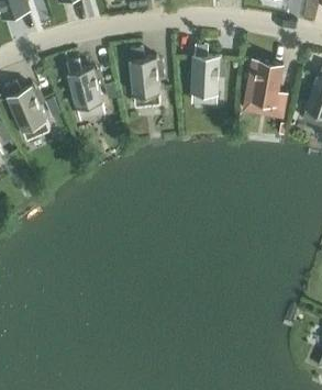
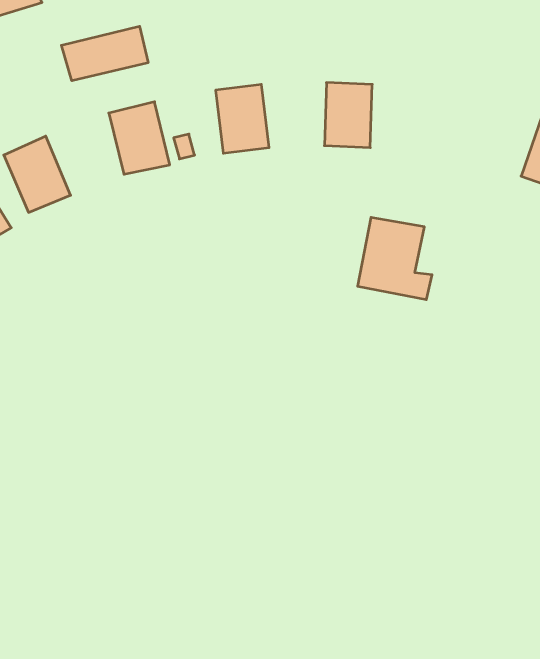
building: none -> [61,26,148,81]
building: [244,60,287,108] -> [358,217,432,300]

